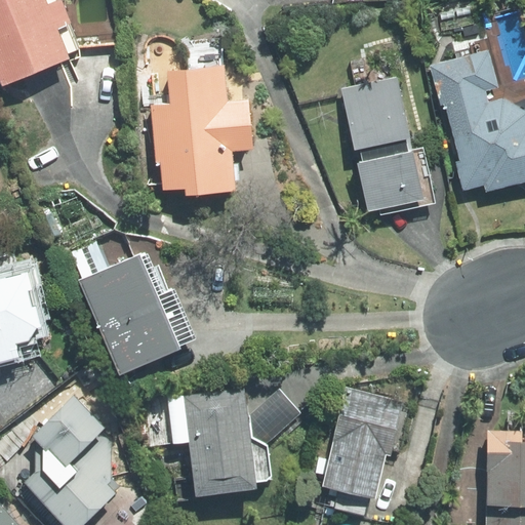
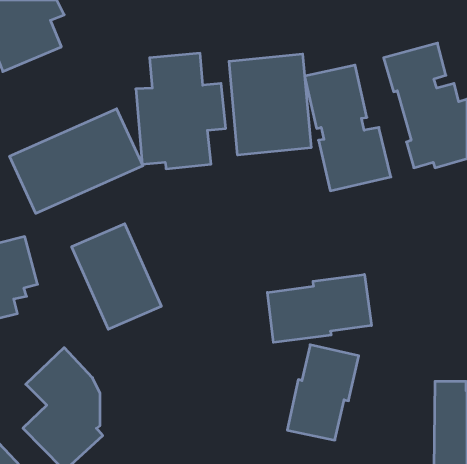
building: none -> [229,54,311,155]
building: none -> [10,109,143,213]
building: none -> [267,274,371,342]
building: [166,390,299,494] -> none

